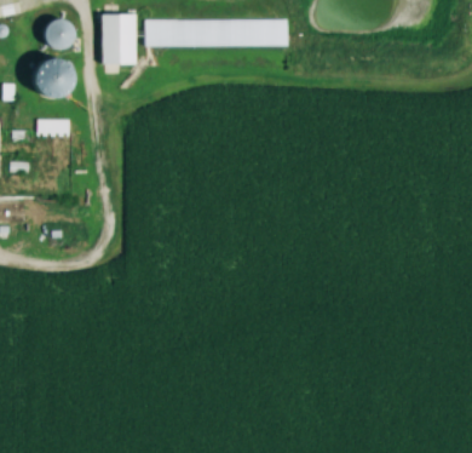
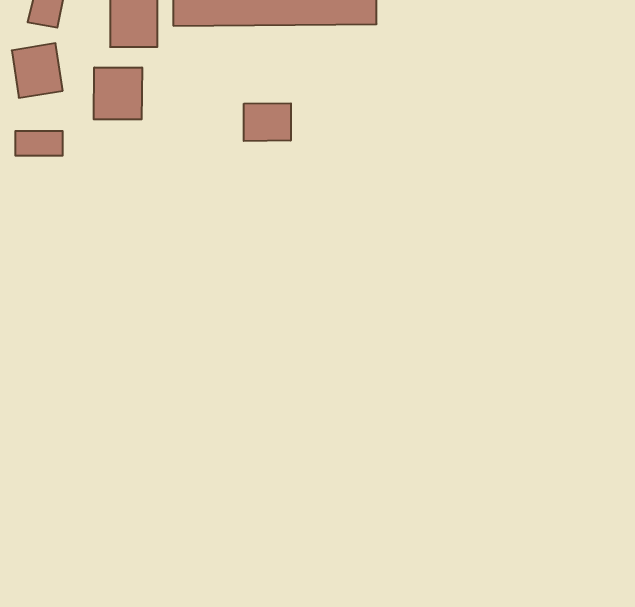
building: none -> [94,67,142,119]
building: none -> [244,103,291,141]

